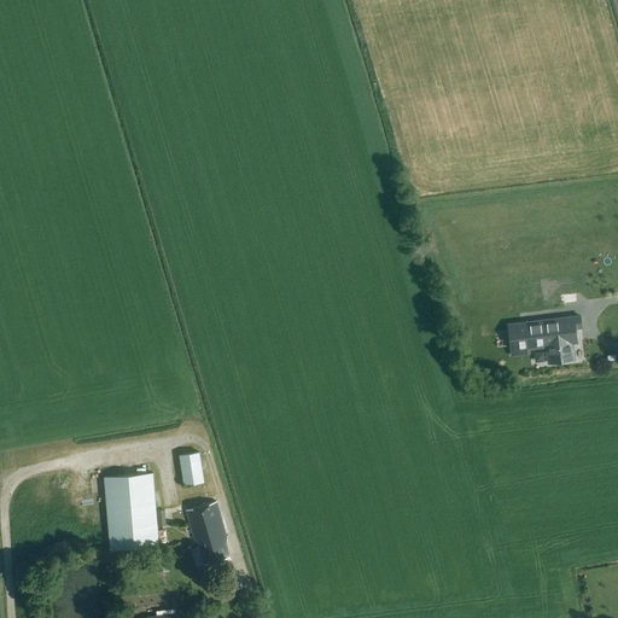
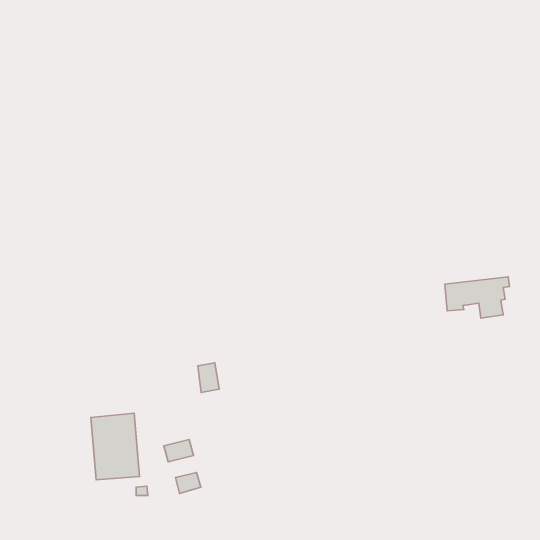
building: [180,451,204,485] -> [198,363,219,392]
building: [192,520,226,547] -> none

